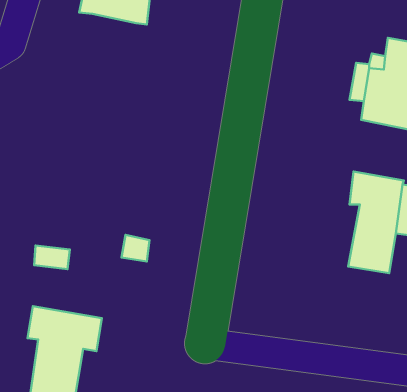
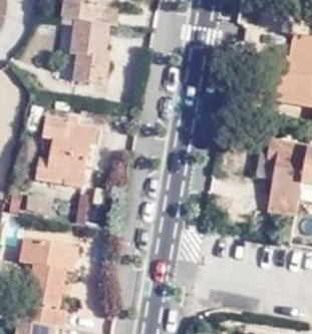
building: none -> [66,17,105,90]
building: none -> [37,119,97,187]

